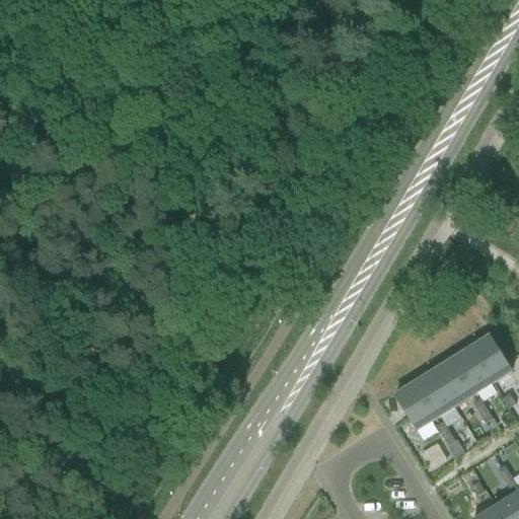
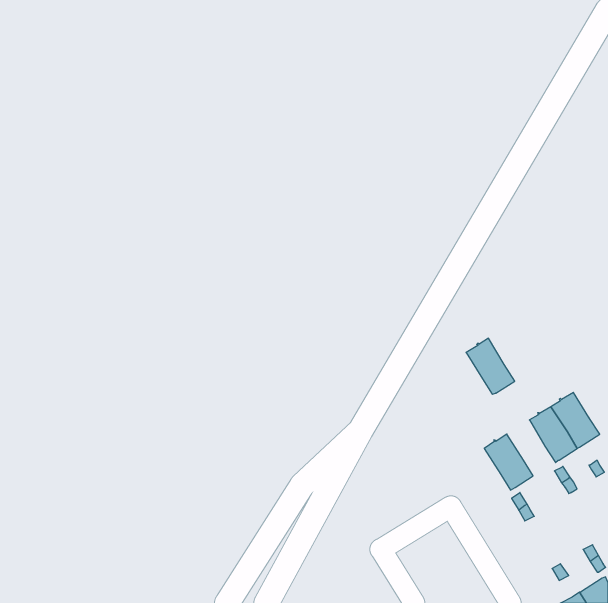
building: [432,358,473,405] -> [466,338,515,394]
building: [394,382,435,429] -> none

